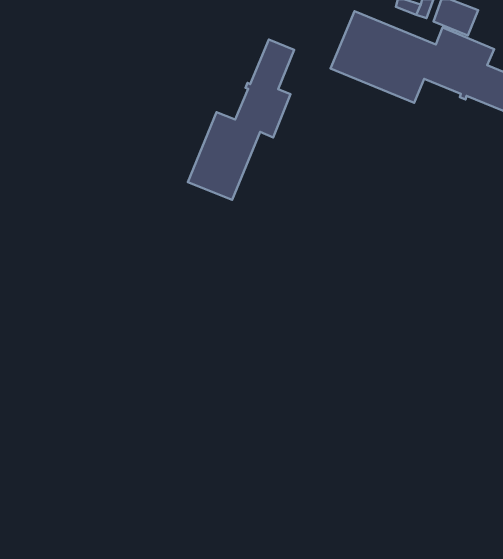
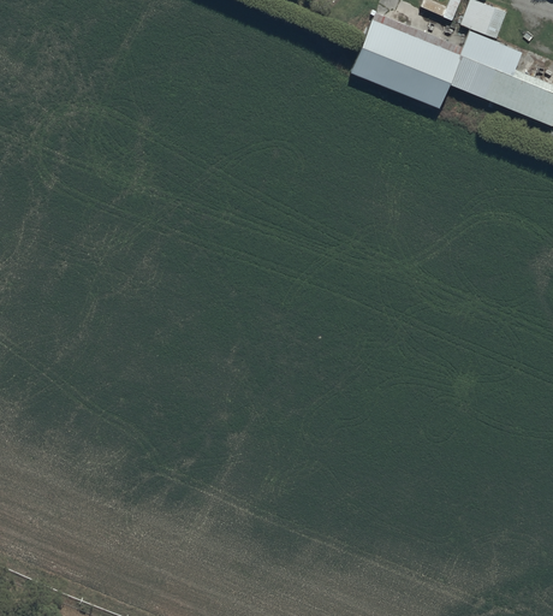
building: [188,39,294,200] -> none

